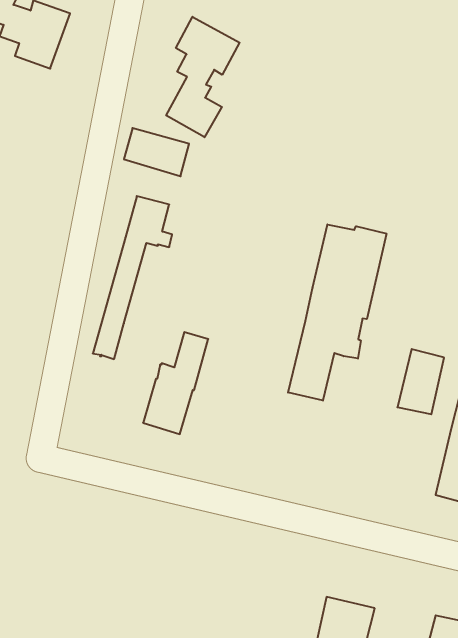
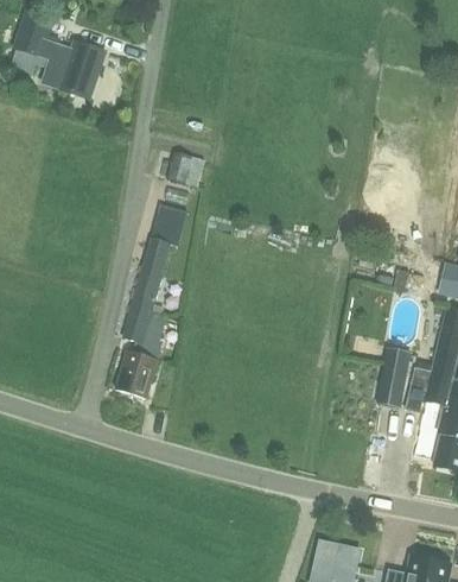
building: [166,17,240,137] -> none
building: [288,224,386,401] -> none
building: [143,332,208,434] -> [114,312,168,398]

